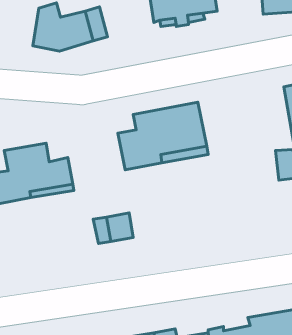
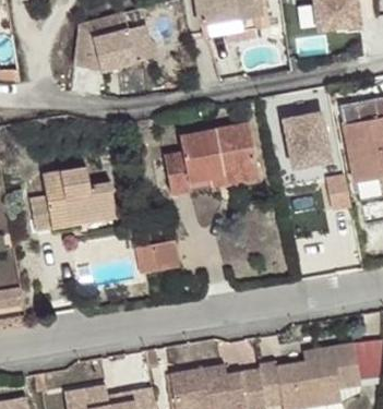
building: none -> [283,110,328,165]

